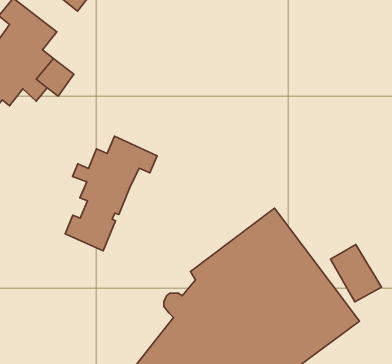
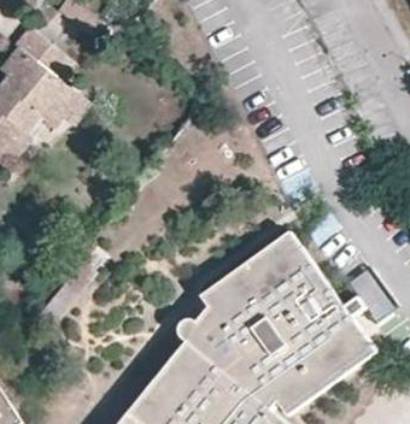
building: [65,136,157,251] -> none

